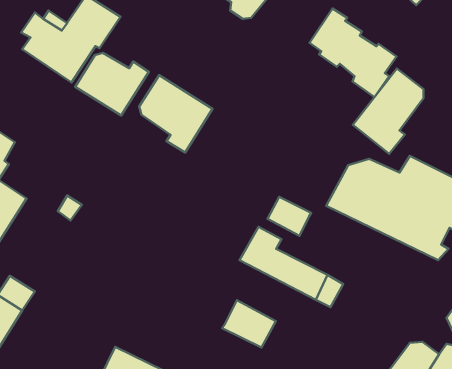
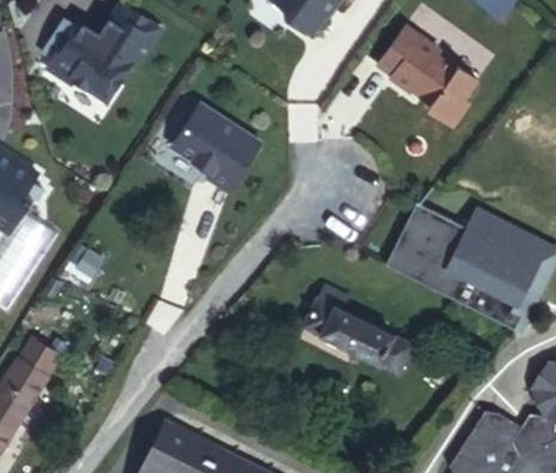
building: [75,53,149,116] -> none
building: [353,69,423,154] -> none
building: [268,197,311,236] -> none
building: [222,300,276,348] -> none

